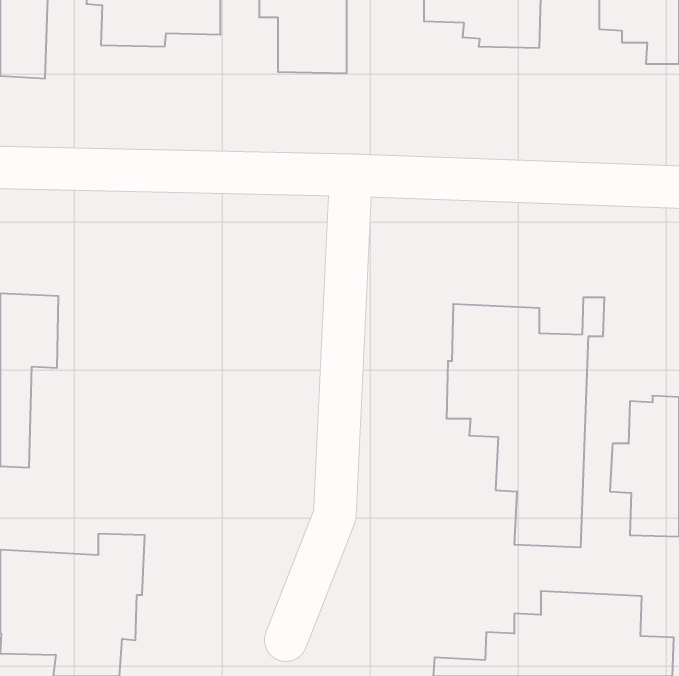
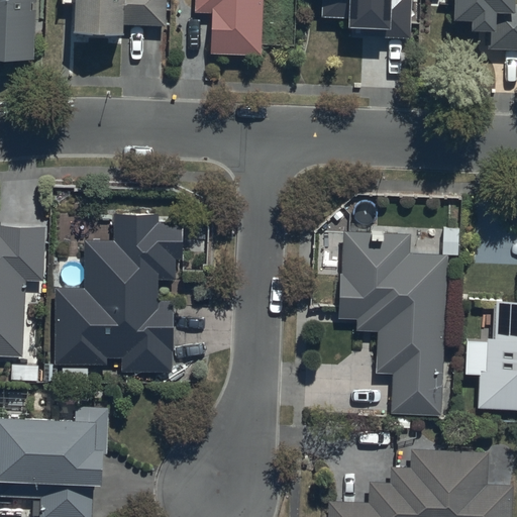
building: none -> [56,216,182,371]

